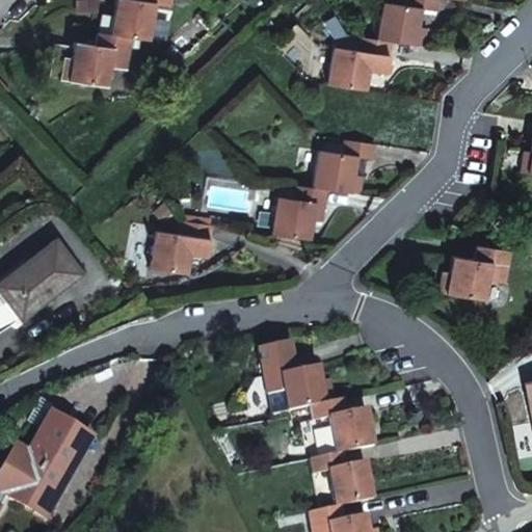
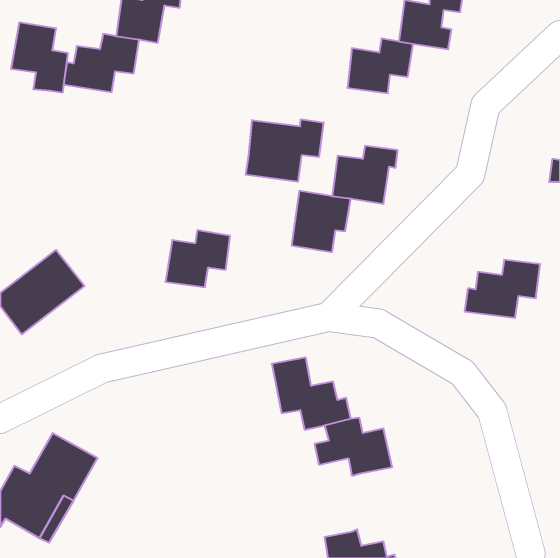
building: none -> [11,22,68,93]
building: none -> [246,119,323,182]
building: [308,449,371,504] -> none

